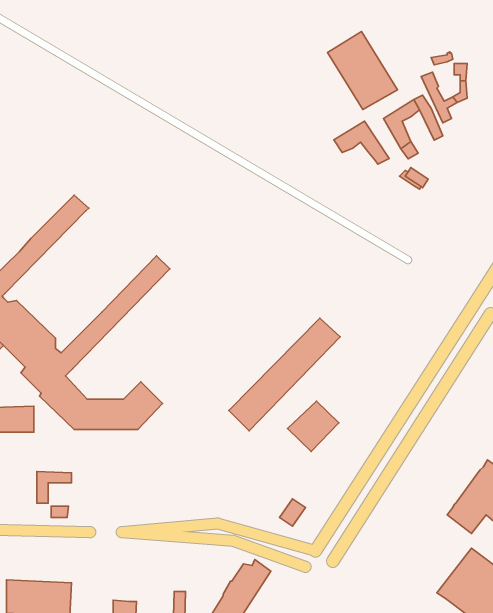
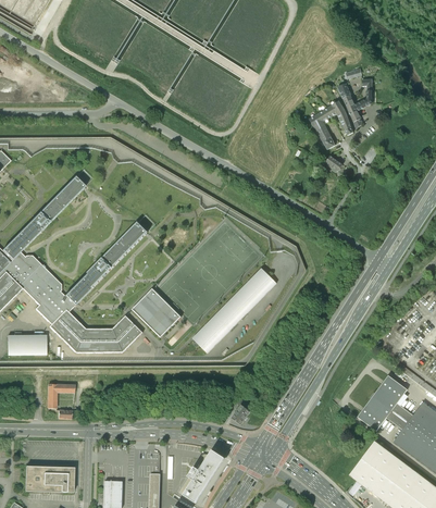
building: [327,31,398,110] -> none
building: [334,121,389,164] -> none
building: none -> [134,289,182,337]
building: [287,401,339,452] -> none

